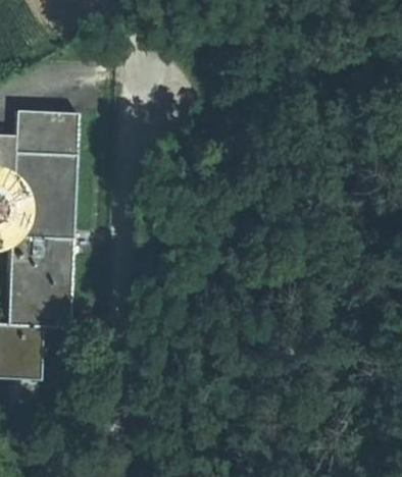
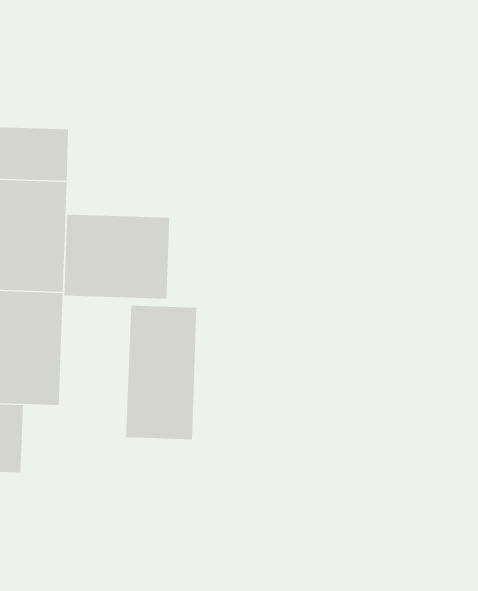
building: none -> [64,214,170,299]
building: none -> [125,305,197,440]

